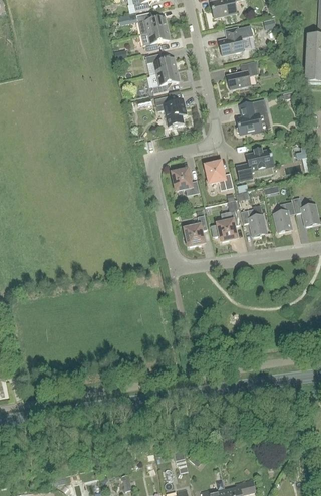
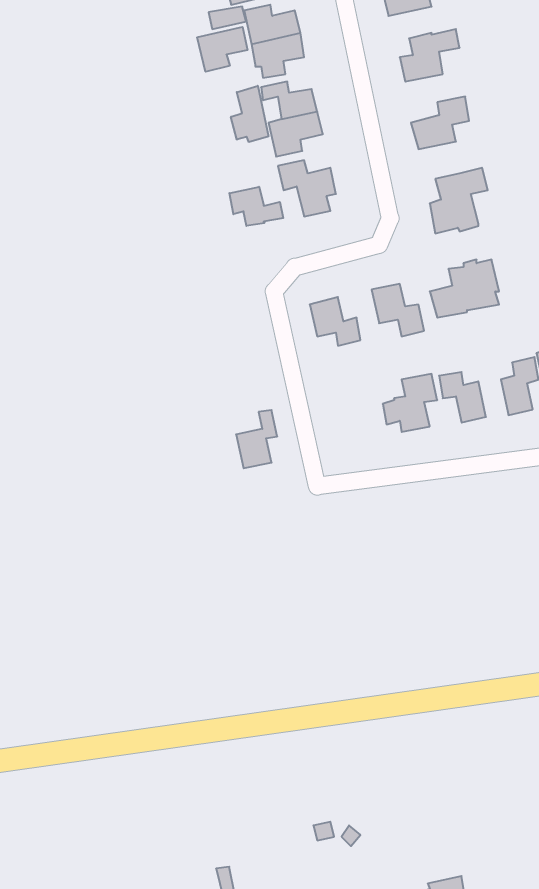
building: none -> [197,27,247,72]
building: none -> [231,86,268,142]
building: none -> [229,187,283,226]
building: [185,215,207,246] -> [236,410,277,468]

